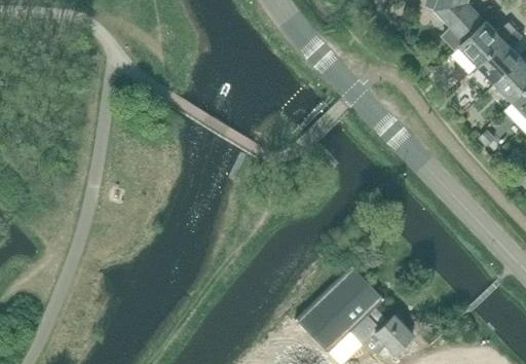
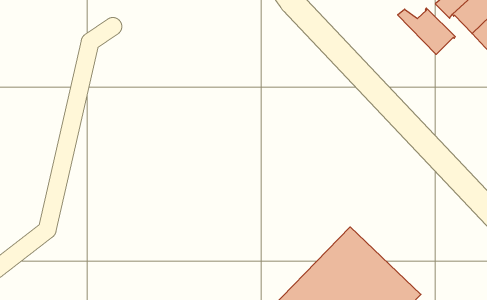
building: none -> [398,8,455,54]

